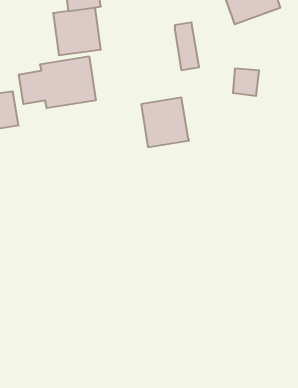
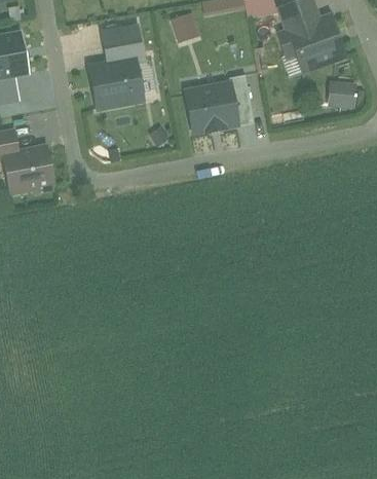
building: [19,56,96,108] -> none
building: [233,69,259,96] -> [326,78,354,108]
building: [141,98,189,147] -> [183,82,235,137]

